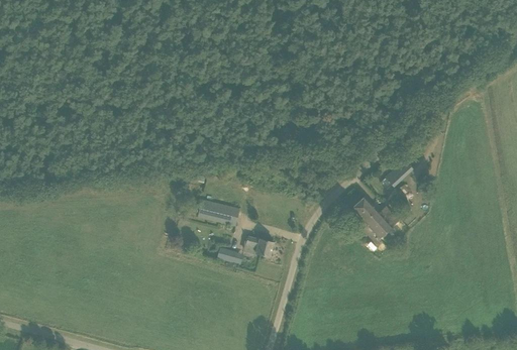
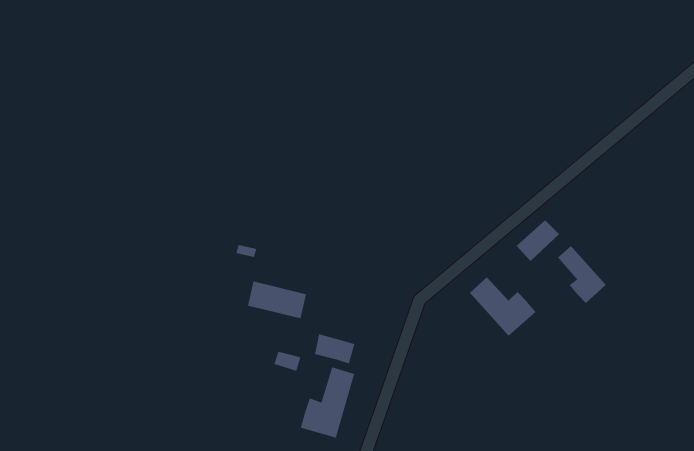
building: none -> [557,245,607,304]
building: none -> [300,367,355,438]

